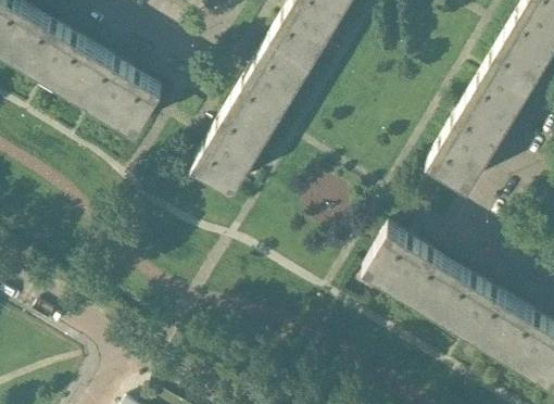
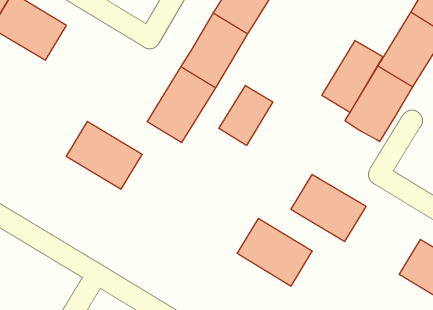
building: [73,51,163,131] -> [66,121,142,189]
building: none -> [322,40,383,112]
building: none -> [219,85,273,145]
building: [428,266,517,346] -> [237,218,312,286]

